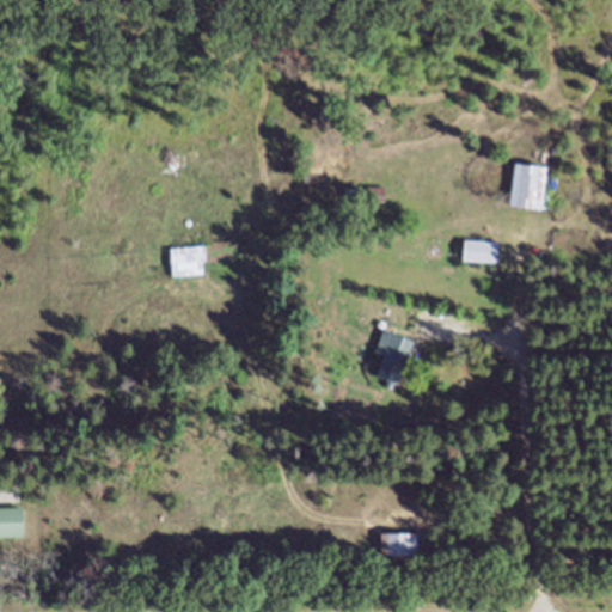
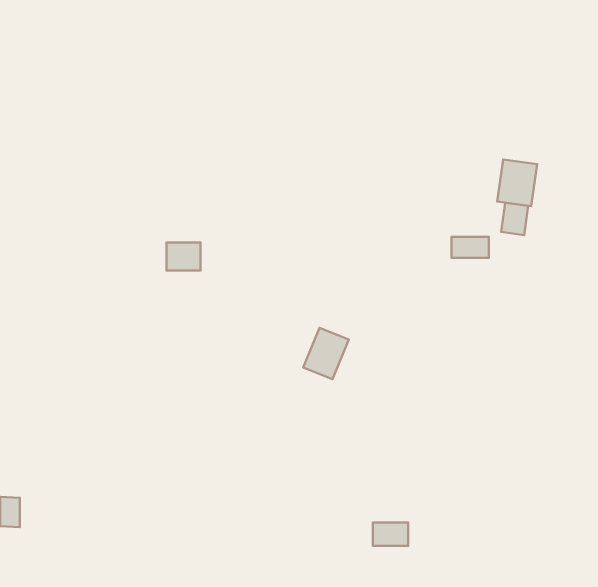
building: none -> [501,203,528,235]
building: [367,330,414,382] -> [303,328,349,379]

